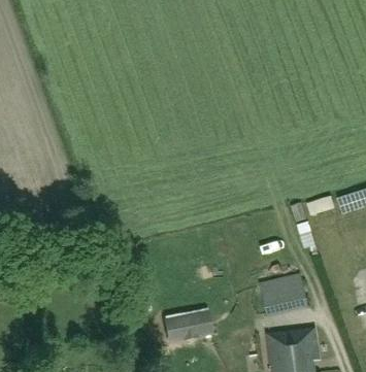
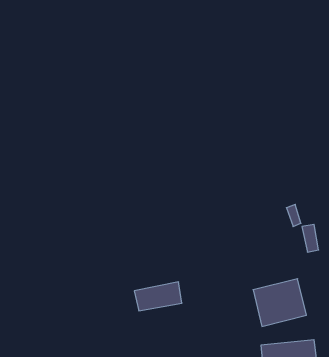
building: [165,313,209,340] -> [134,282,182,311]

